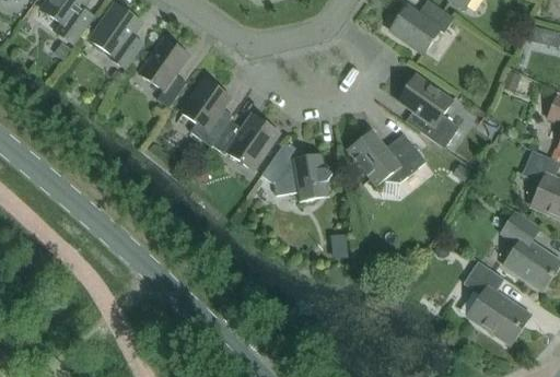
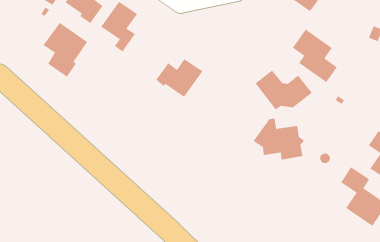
building: none -> [43,22,88,78]
building: [176,79,233,144] -> none
building: [261,142,332,200] -> [253,118,305,161]

